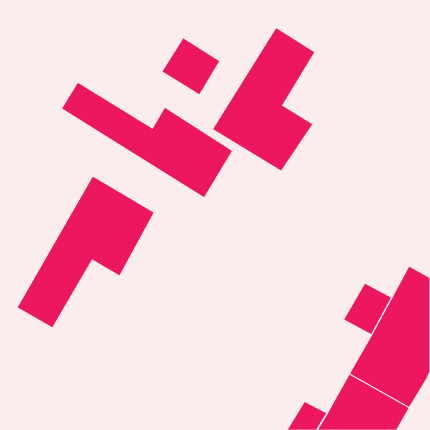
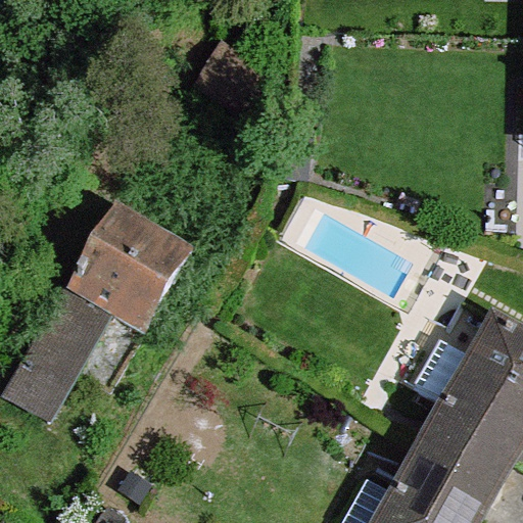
building: [212,27,315,172] -> none
building: [61,82,233,198] -> none

